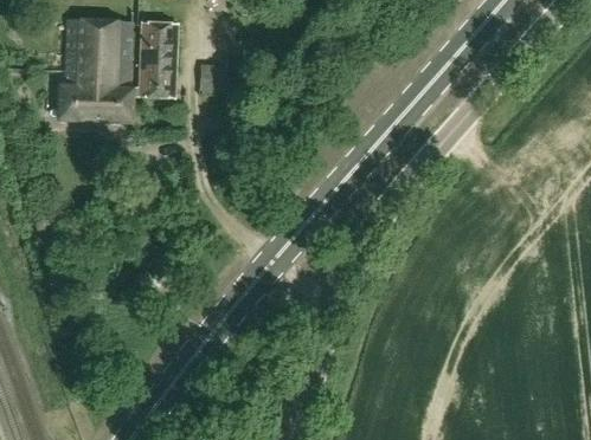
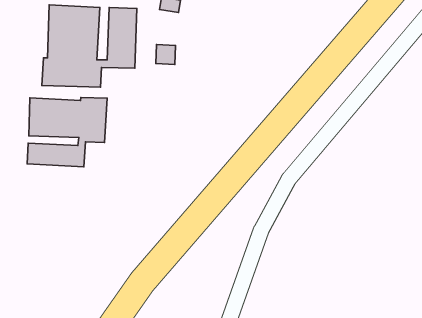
building: none -> [27,97,107,167]

